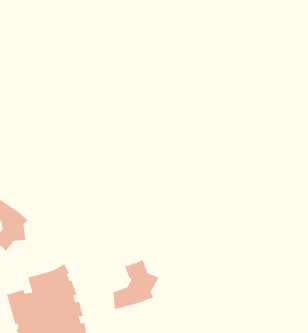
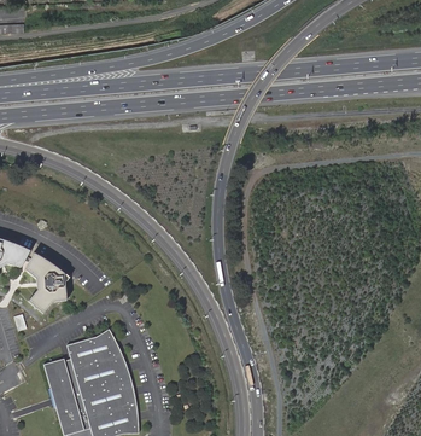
building: [113,259,159,310] -> none

